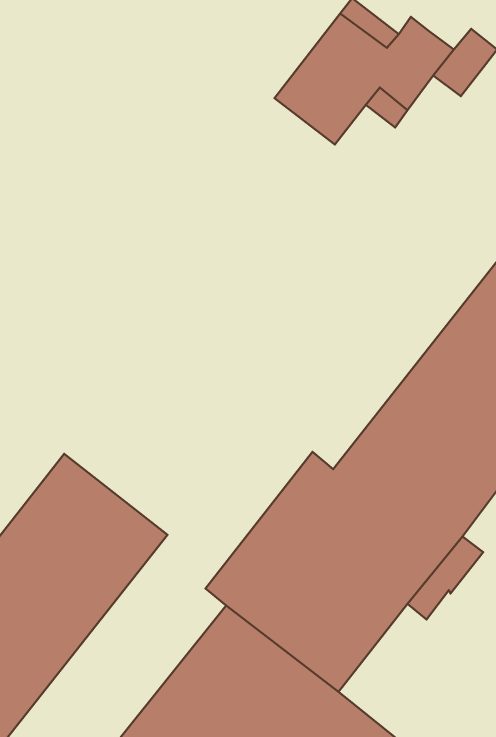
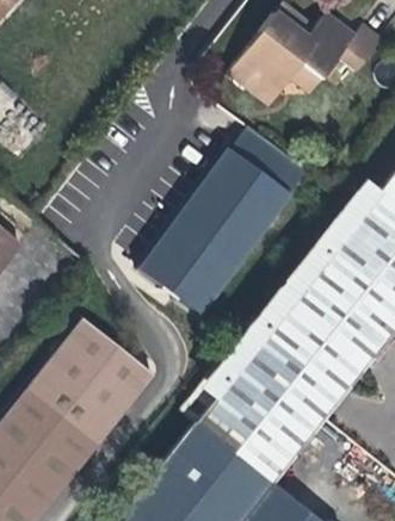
building: none -> [140,126,308,315]

